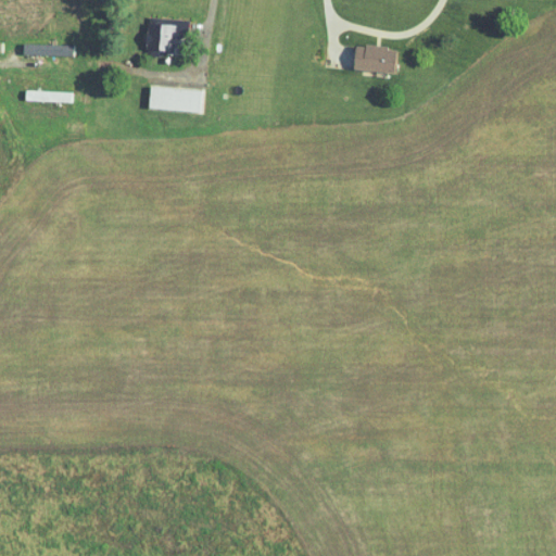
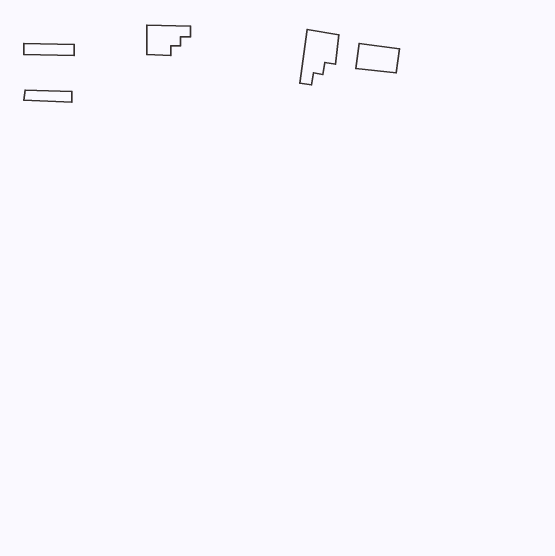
building: none -> [300,30,339,85]
building: [148,87,203,112] -> none

